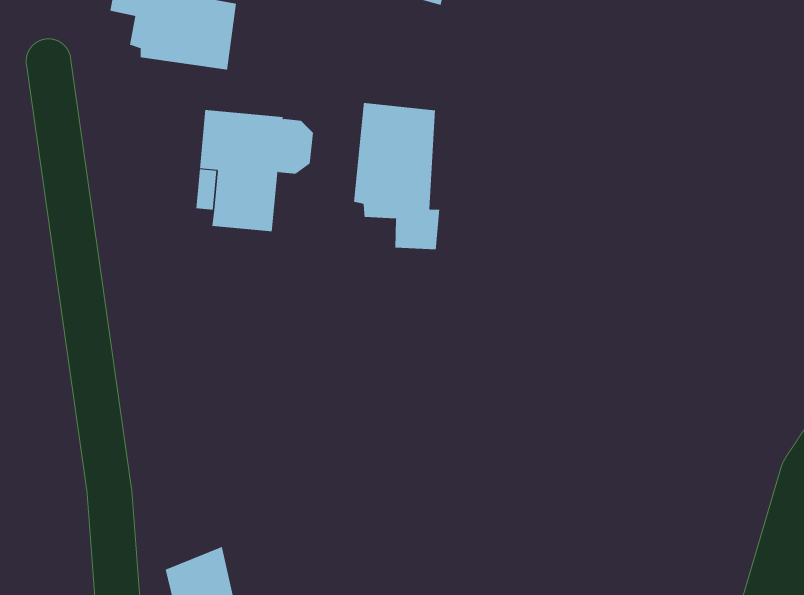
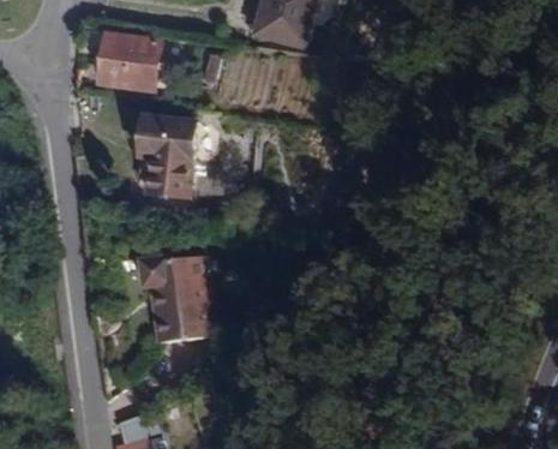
building: [354,102,440,250] -> none
building: none -> [142,256,210,343]

